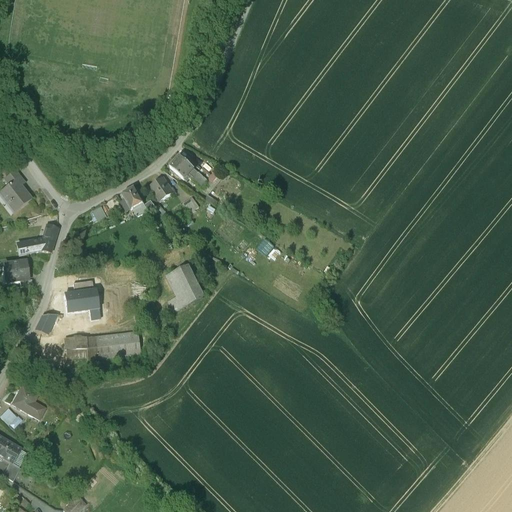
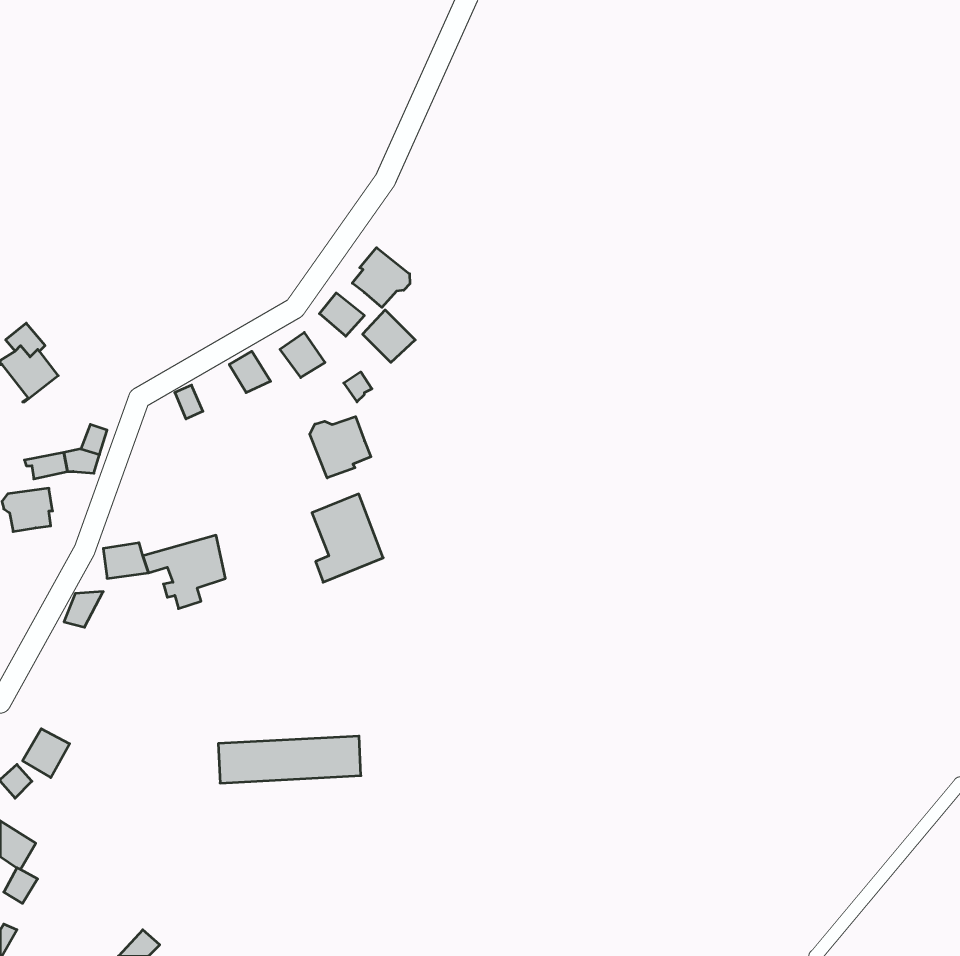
building: none -> [352,248,410,307]
building: none -> [310,417,371,478]
building: [65,331,141,356] -> [218,736,361,783]

